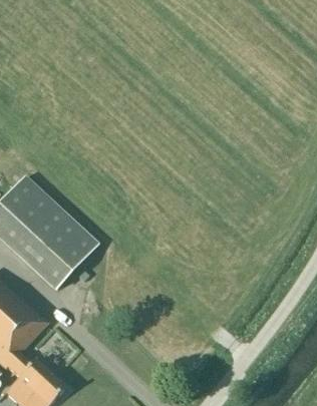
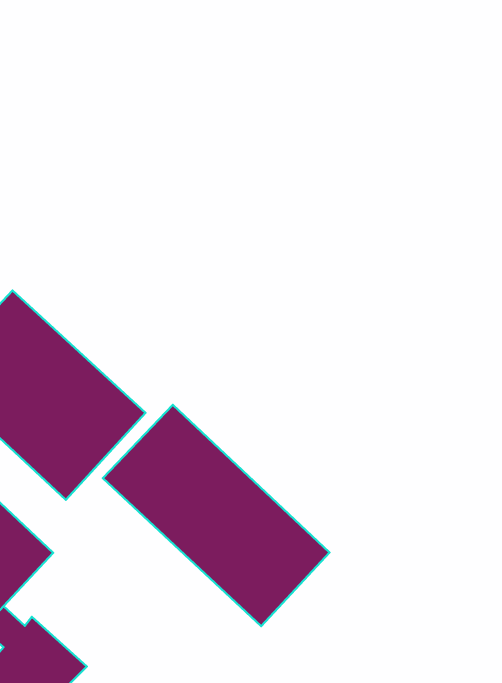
building: none -> [103,405,329,626]

